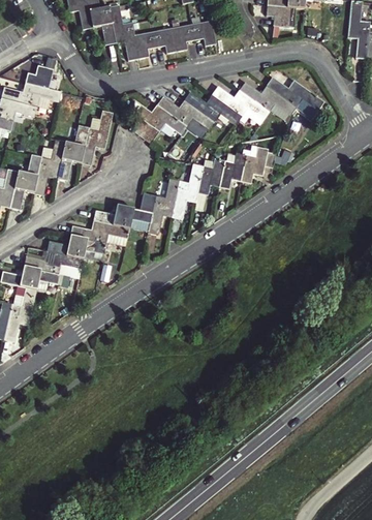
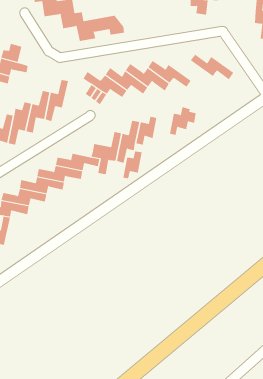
building: [172,22,213,47] -> none
building: [240,83,298,117] -> none
building: [220,152,246,188] -> [123,151,143,179]

